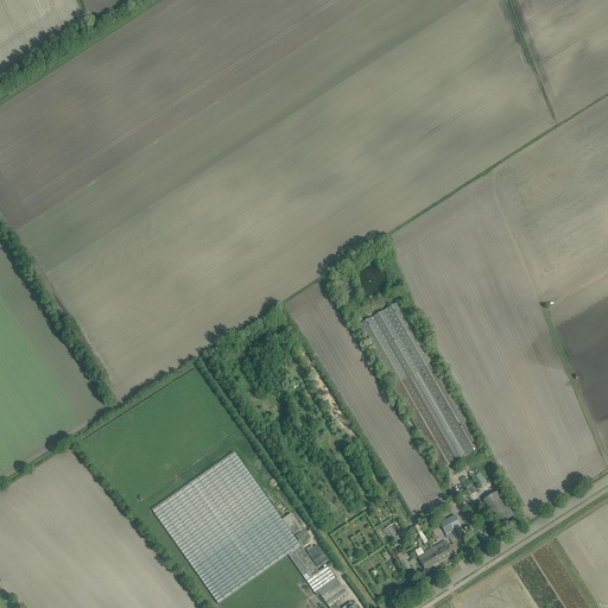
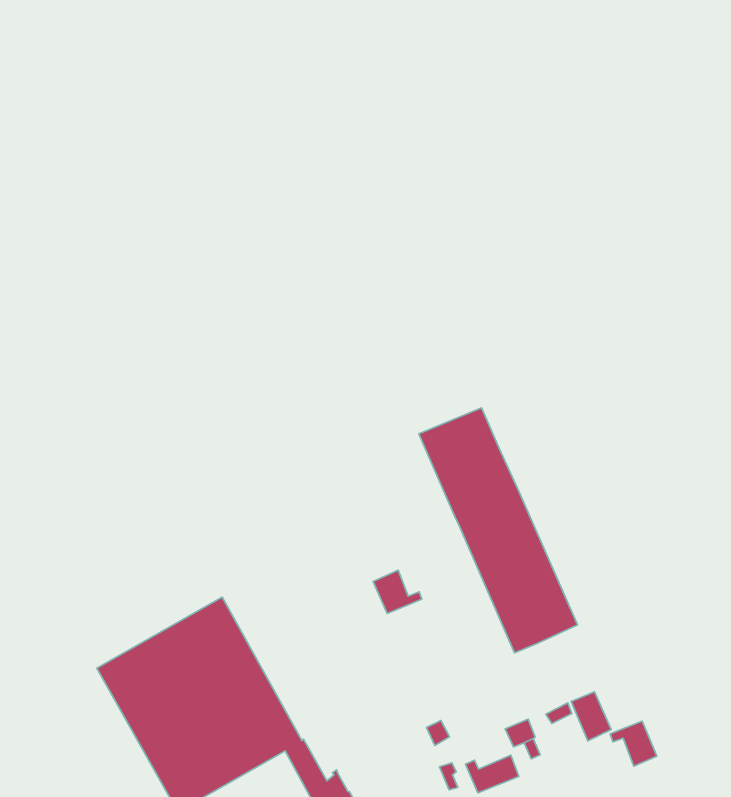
building: none -> [373,570,422,614]
building: none -> [610,721,657,766]

